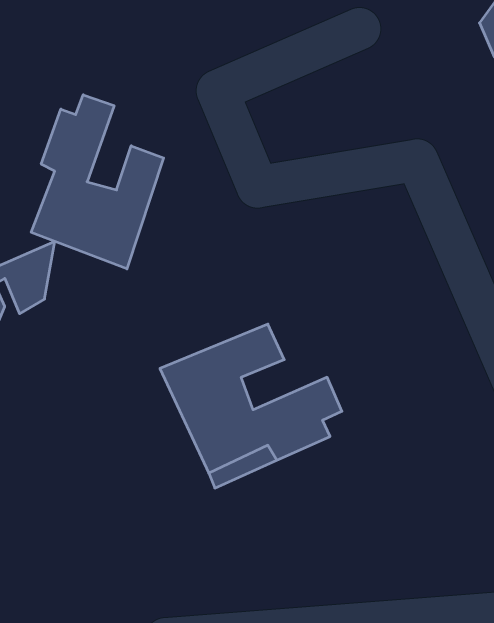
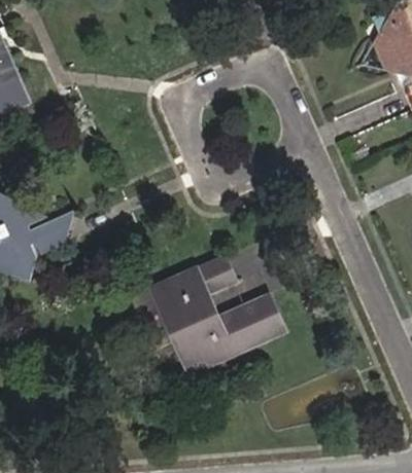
building: [31,95,164,269] -> none

